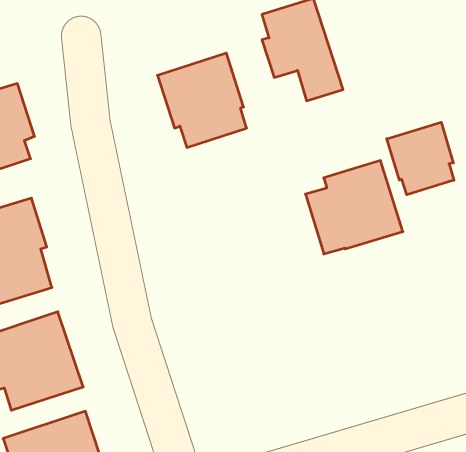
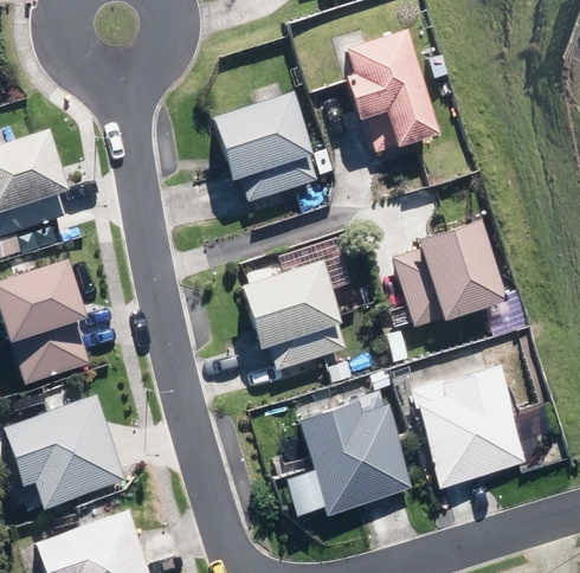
building: [387,122,454,195] -> none
building: none -> [243,260,347,369]
building: none -> [405,363,520,488]
building: none -> [298,391,415,515]

